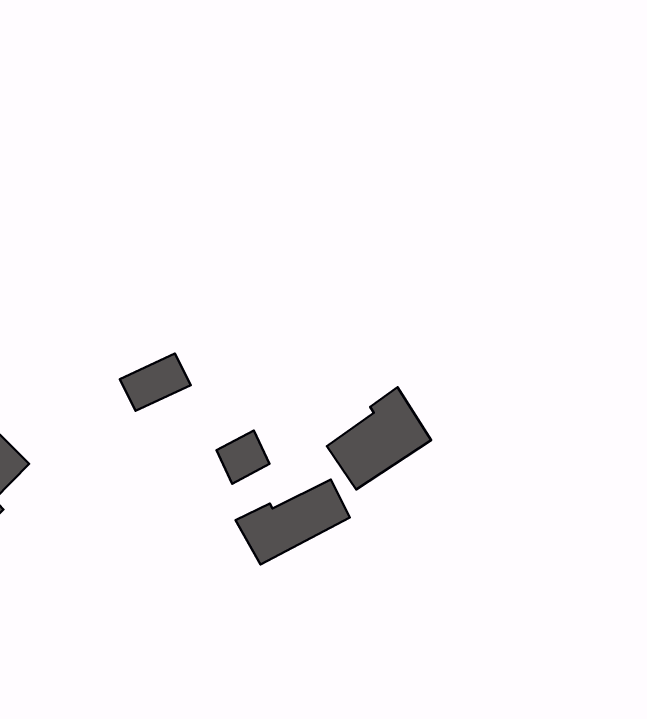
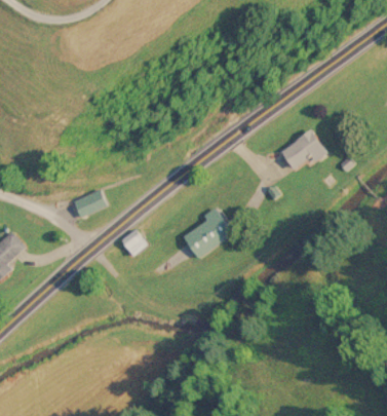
building: none -> [283,129,328,172]
building: [236,480,350,565] -> none

